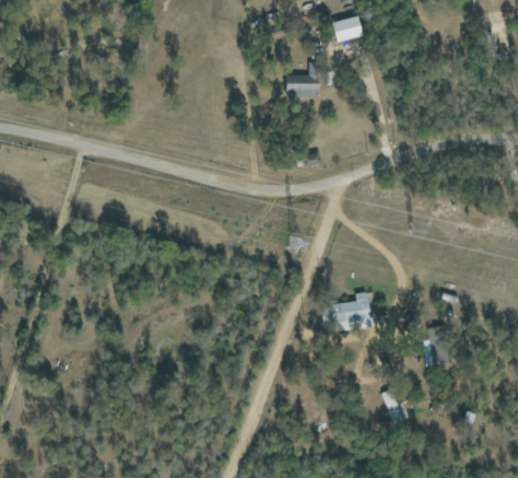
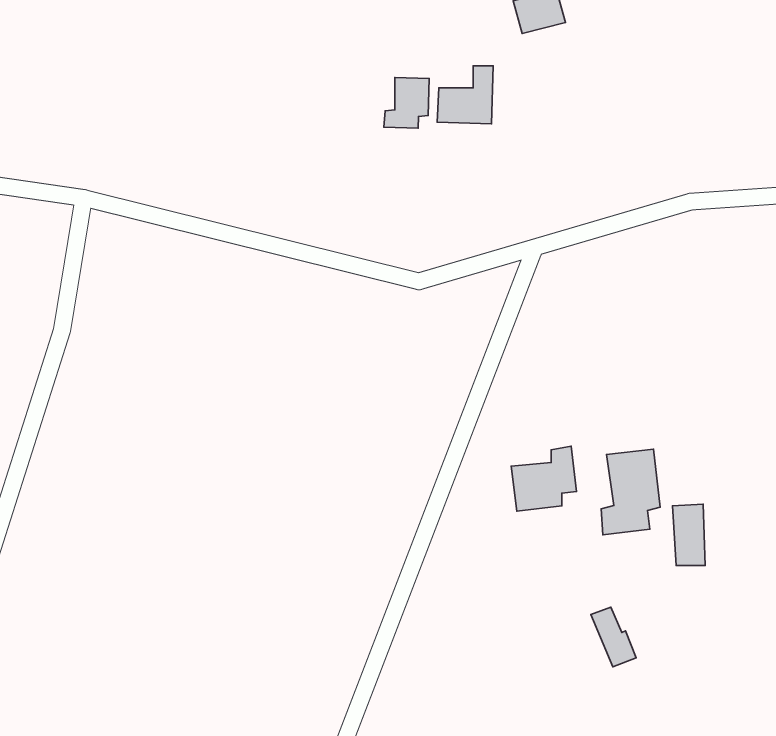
building: none -> [384,77,429,128]
building: none -> [601,449,660,535]

